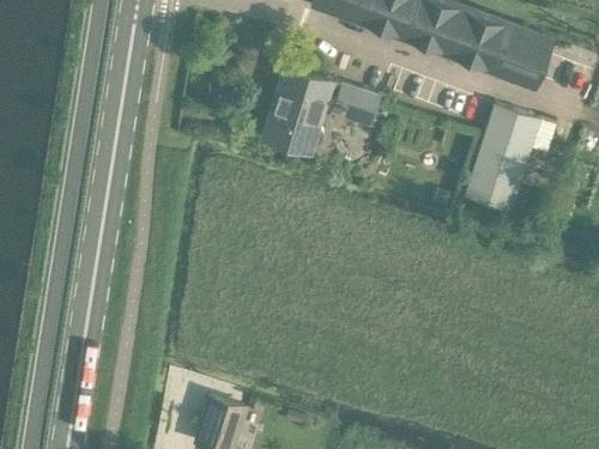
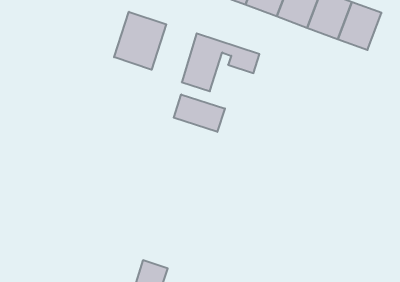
building: none -> [114,12,166,70]
building: [464,105,541,213] -> none
building: none -> [174,94,225,132]

